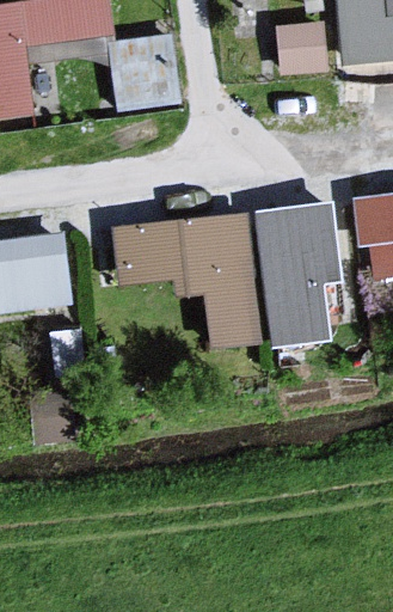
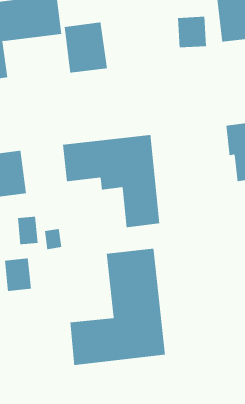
building: [248,191,338,337] -> none
building: none -> [70,248,166,366]

